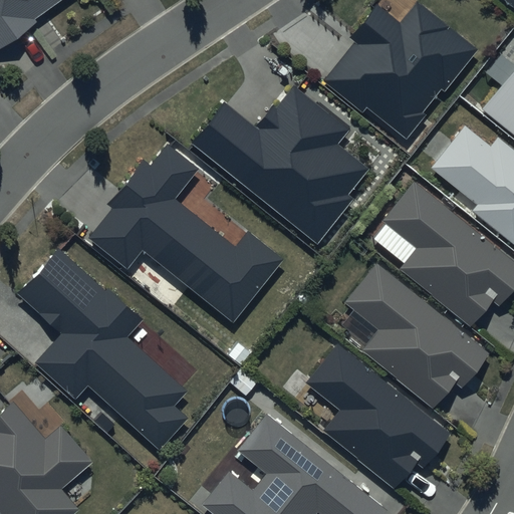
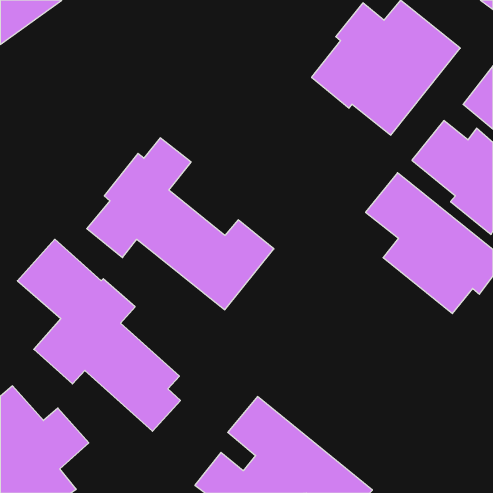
building: [193,83,367,243] -> none
building: [346,264,491,407] -> none
building: [306,342,452,489] -> none

